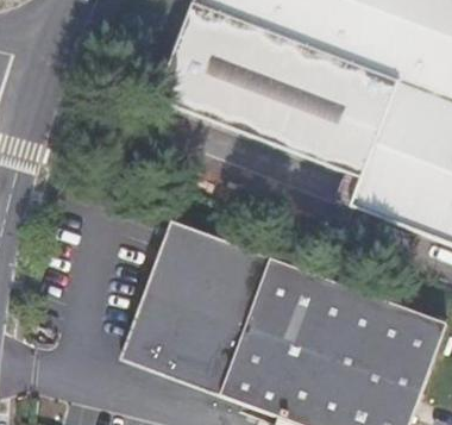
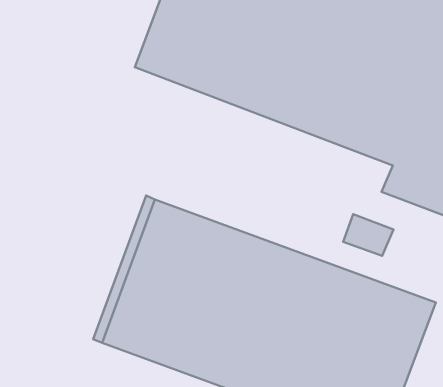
building: [352,179,400,218] -> [343,214,394,256]

